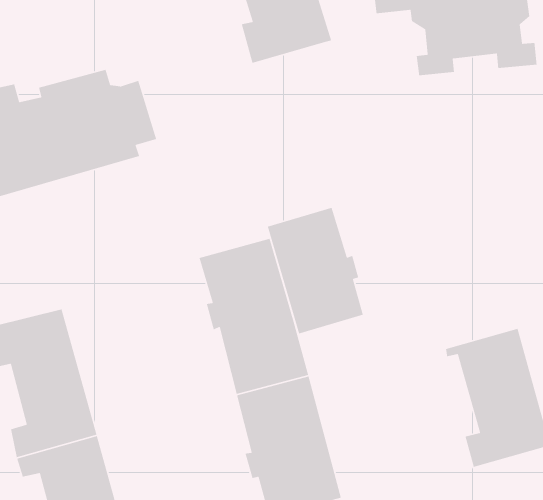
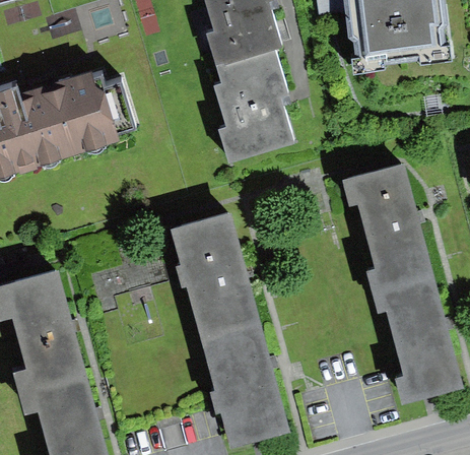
building: none -> [213,47,293,162]
building: none -> [344,168,437,302]
building: [267,207,364,334] -> none

